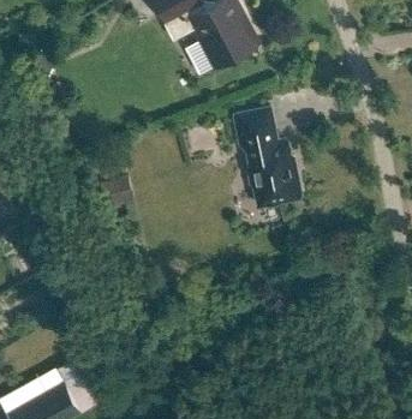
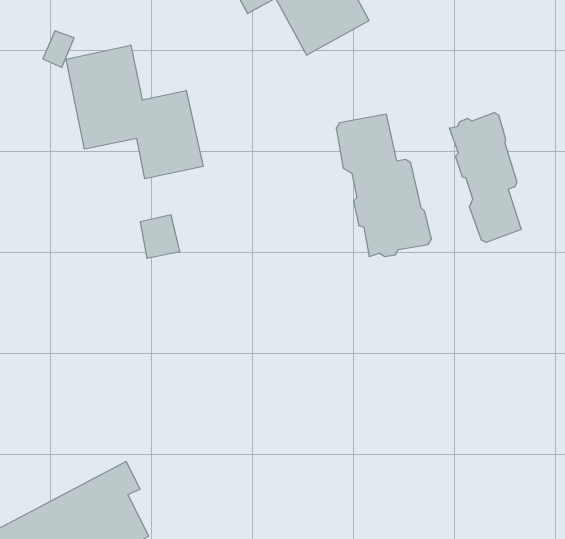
building: none -> [66,45,203,179]
building: none -> [449,112,521,243]

